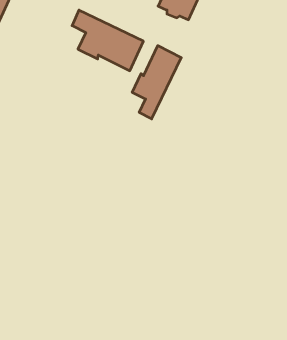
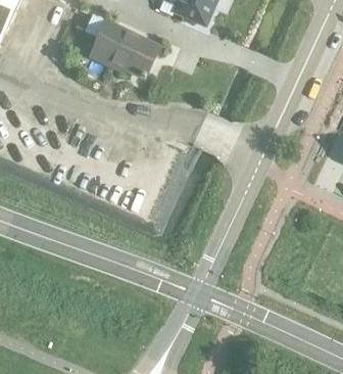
building: [132,46,181,119] -> none

